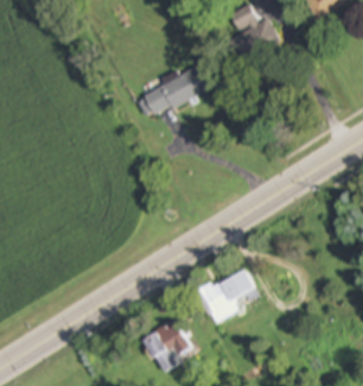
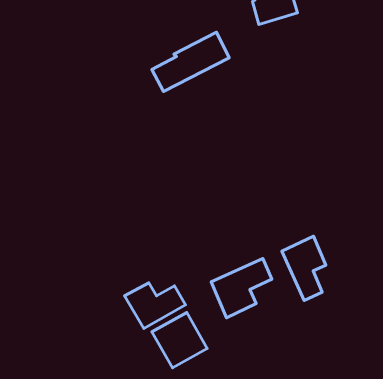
building: none -> [282,236,326,301]
building: none -> [124,283,185,328]

